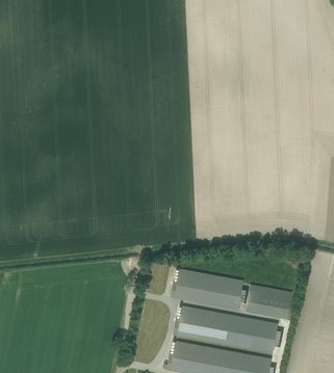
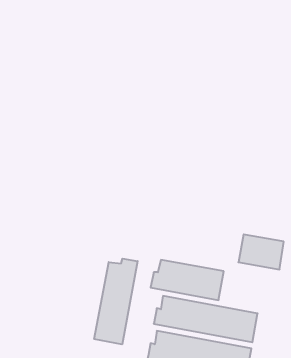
building: none -> [94,259,138,344]
building: [246,284,291,319] -> [238,234,284,269]

